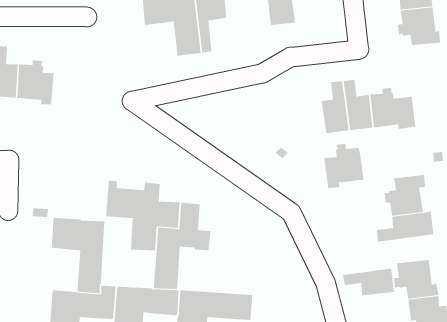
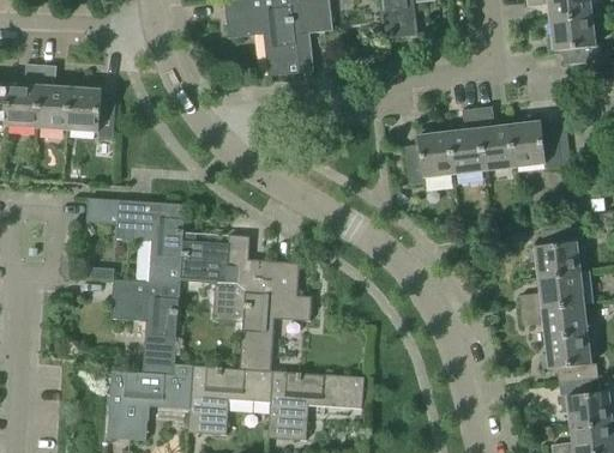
building: [324,144,365,188] -> [404,129,456,186]
building: none -> [86,198,185,285]
building: [342,268,395,296] -> [520,303,586,338]

